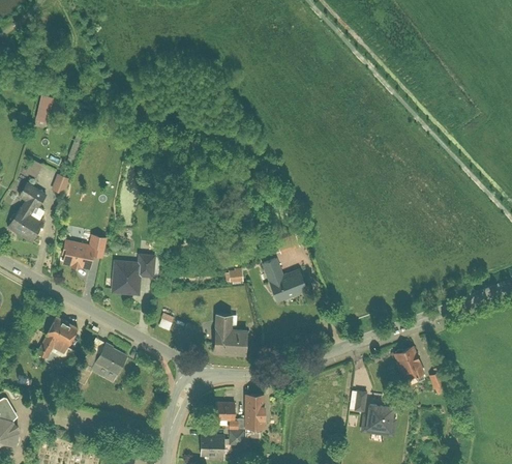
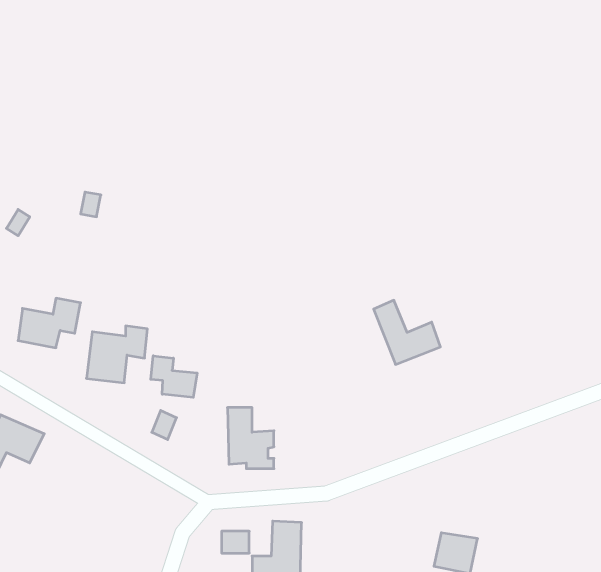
building: [260,257,307,302] -> [374,300,440,364]
building: none -> [151,356,197,397]
building: [77,346,127,384] -> none
building: [394,346,426,383] -> none

